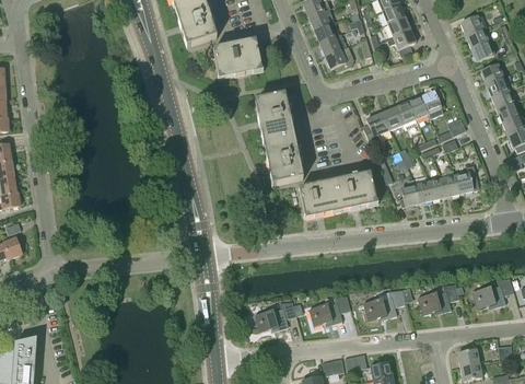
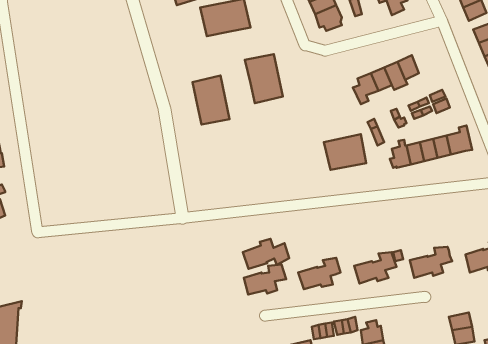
building: [420,88,443,118] -> none
building: [266,136,302,184] -> [193,76,229,125]
building: [299,181,340,216] -> none
building: none -> [243,239,289,269]

